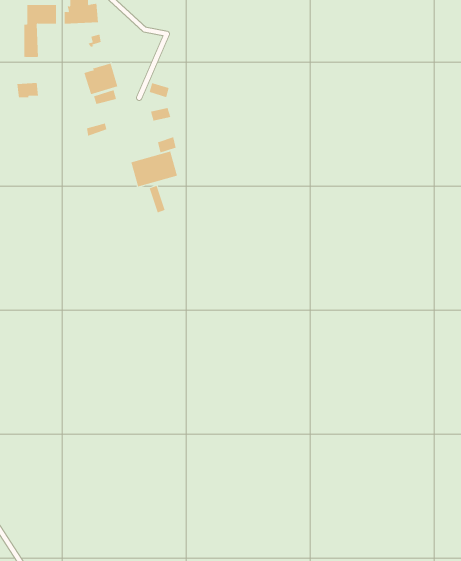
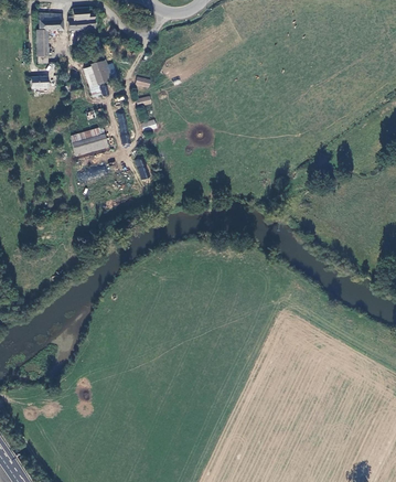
building: [131,151,178,187] -> [69,127,107,156]

